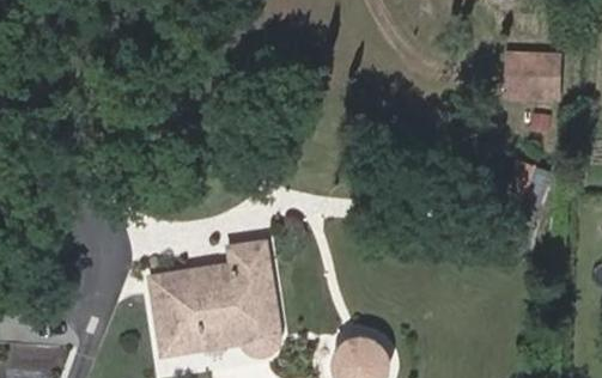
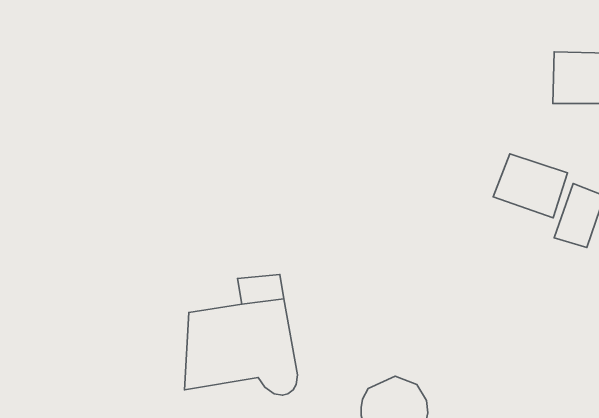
building: none -> [493,154,568,218]
building: [152,280,180,350] -> none

